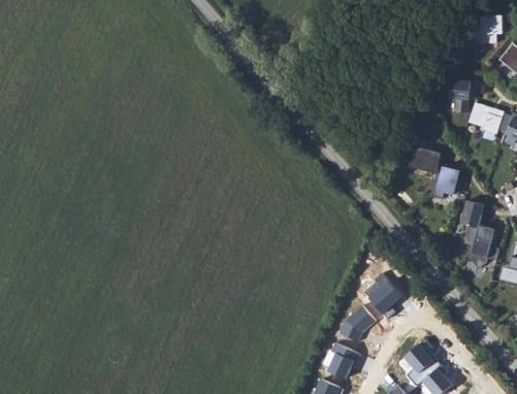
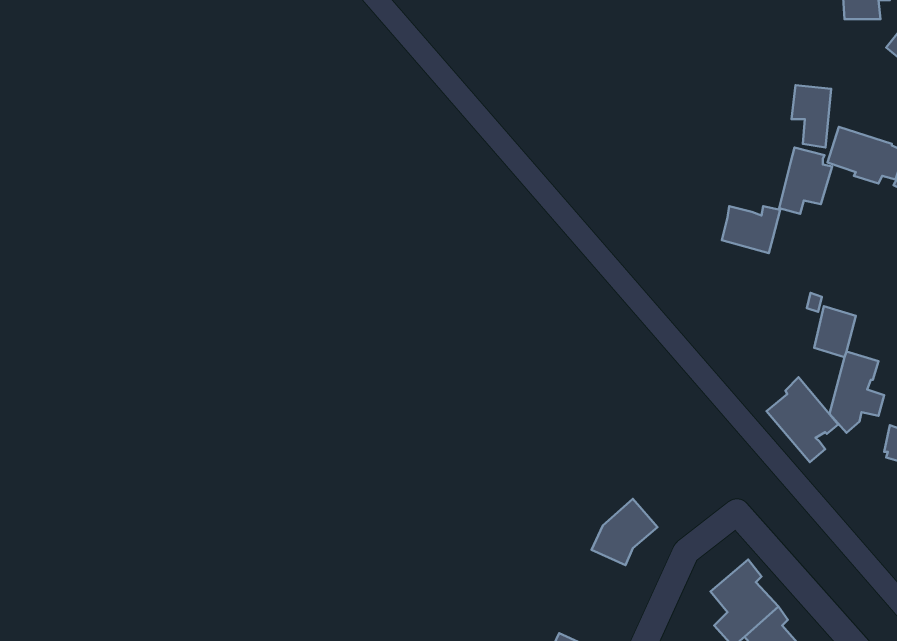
building: [429,163,458,199] -> [779,148,832,214]
building: [363,272,402,319] -> [766,377,838,462]
building: [327,342,359,379] -> none

